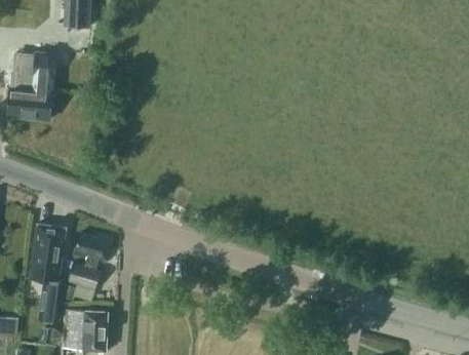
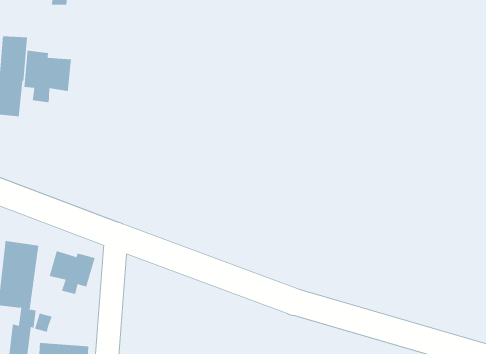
building: none -> [24,50,71,103]
building: [67,264,100,290] -> none

